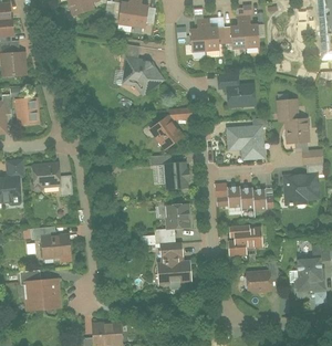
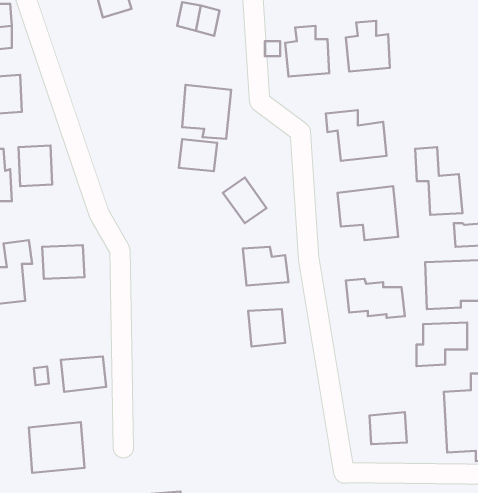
building: none -> [179,139,217,171]
building: [232,227,266,255] -> [416,322,467,366]
building: [157,242,193,283] -> none

